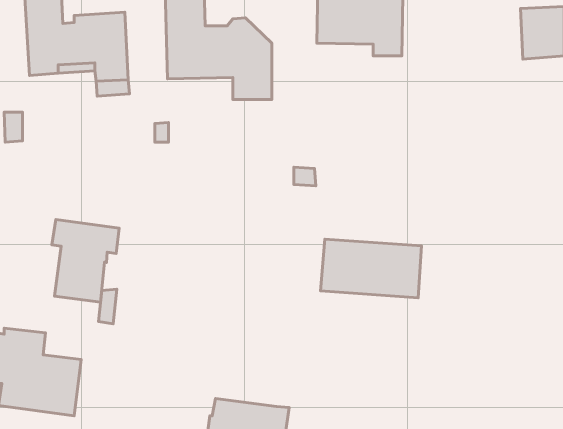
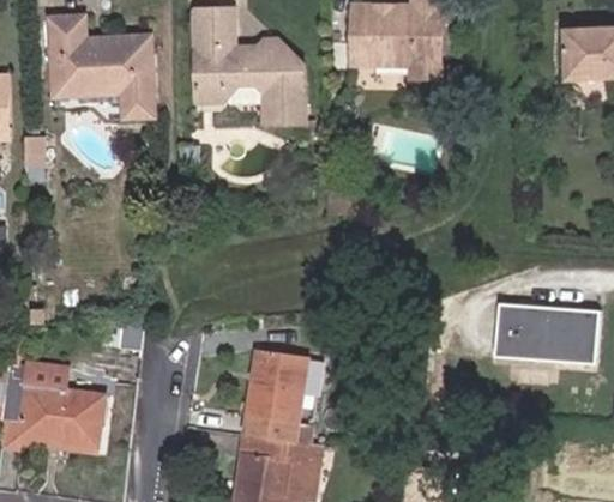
building: [52,219,119,302] -> none
building: [320,239,422,298] -> [494,303,600,364]
building: none -> [245,349,312,443]

